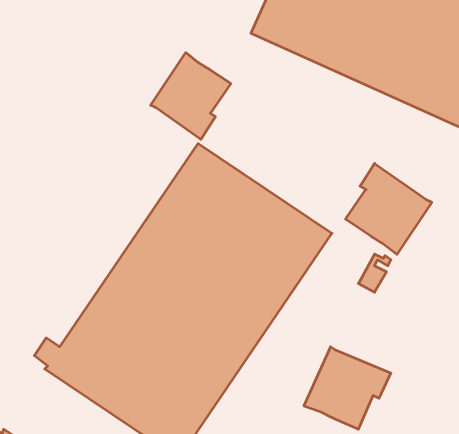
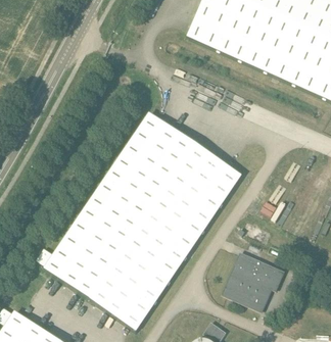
building: [151,53,231,139] -> none
building: [346,163,432,254] -> none

